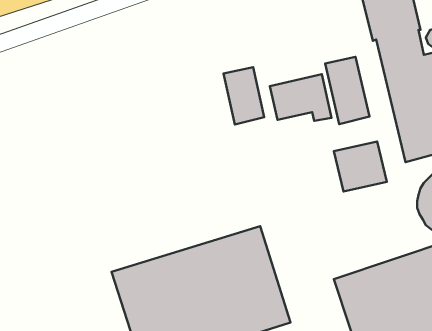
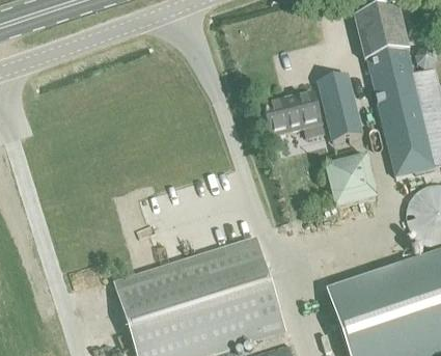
building: [223,67,264,124] -> none

